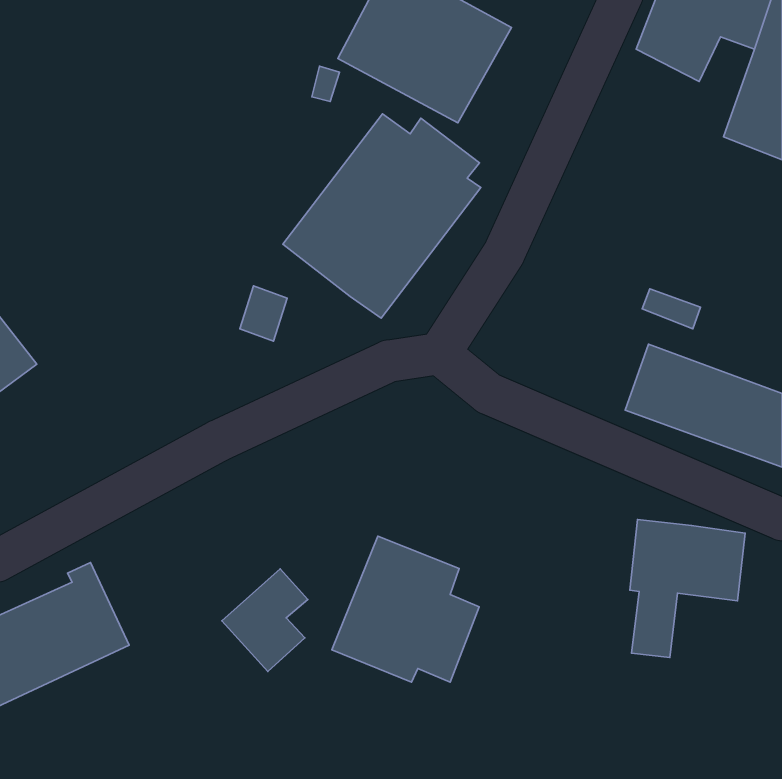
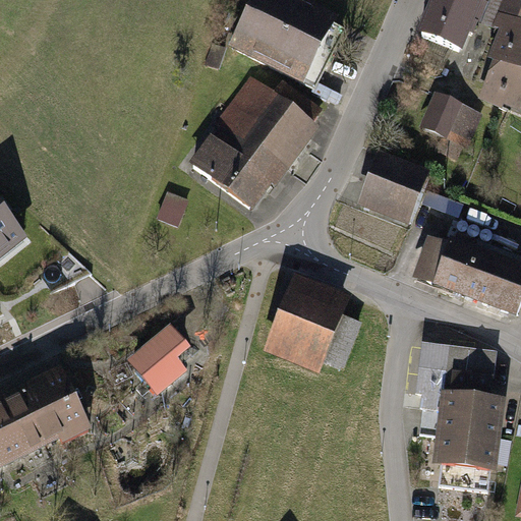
building: none -> [424,94,483,154]
building: none -> [363,148,432,221]
building: [332,536,479,682] -> [266,275,363,371]
building: [222,569,308,672] -> [126,323,183,391]
building: none -> [438,393,498,489]

